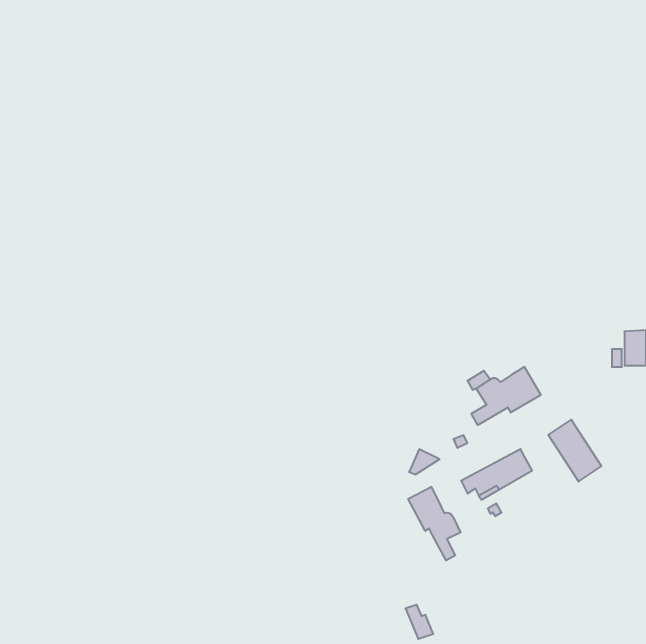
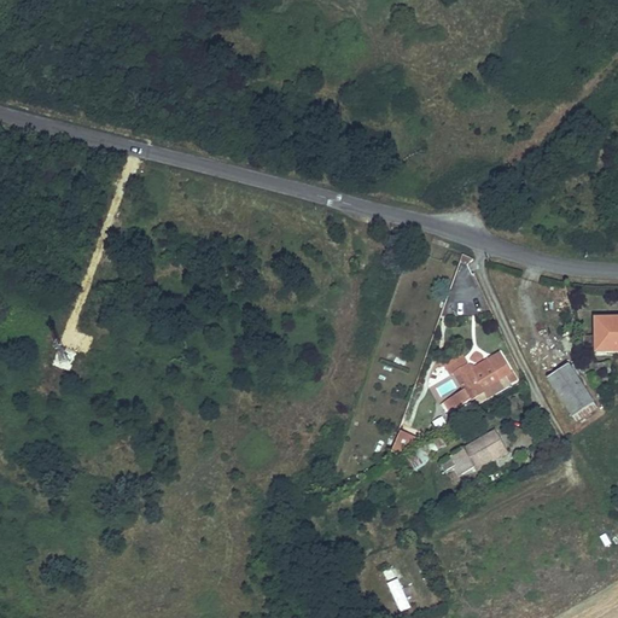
building: [548,420,601,482] -> [547,360,597,419]
building: [408,487,461,560] -> none

